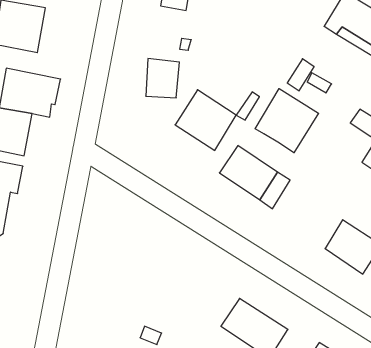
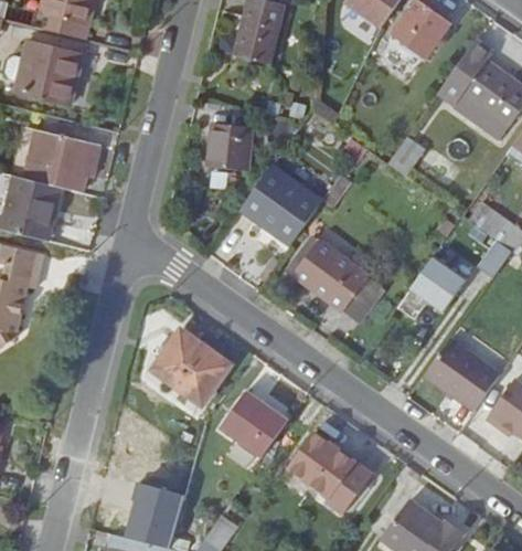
building: [255,89,319,153] -> none
building: none -> [409,256,465,312]
building: none -> [149,329,228,405]
building: none -> [223,388,286,446]

